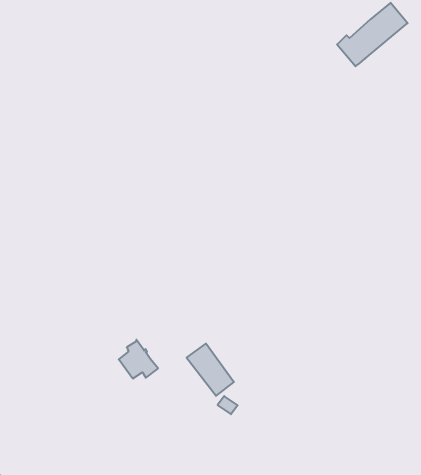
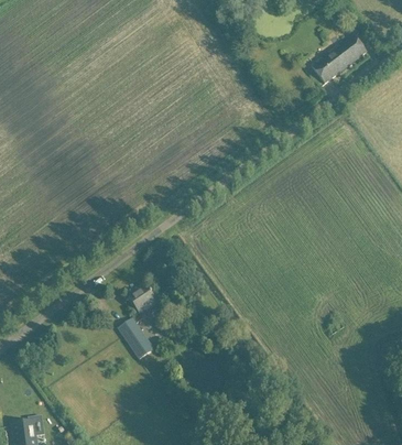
building: [187,344,234,396] -> [118,317,153,358]

